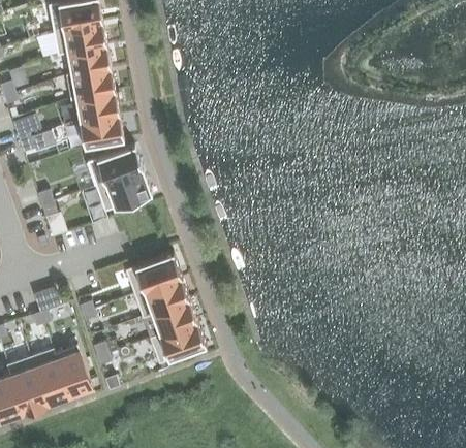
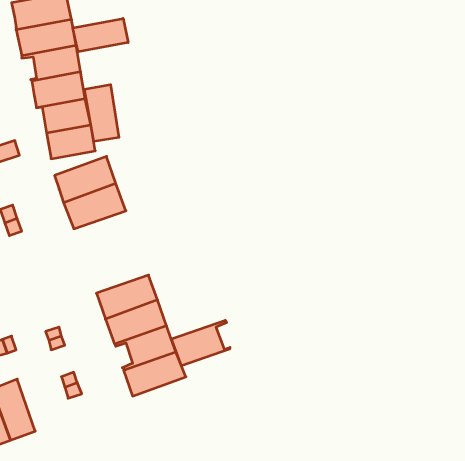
building: none -> [73,18,128,52]
building: none -> [84,85,119,142]
building: none -> [172,320,230,366]
building: [52,345,91,395] -> none

